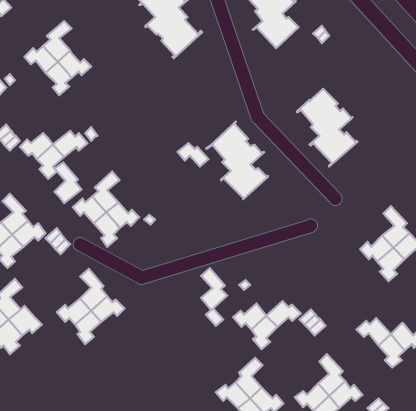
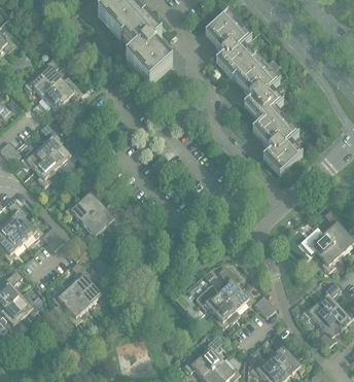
building: [206,121,268,199] -> [231,56,282,120]
building: [54,162,82,203] -> [39,123,62,157]
building: [201,268,227,310] -> [217,265,239,300]
building: none -> [317,281,341,315]

